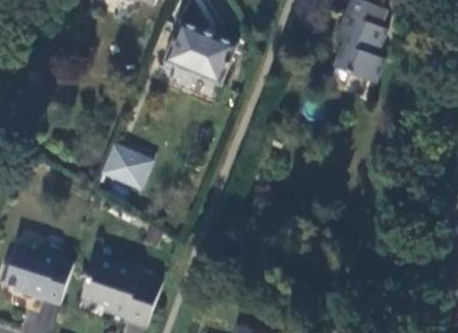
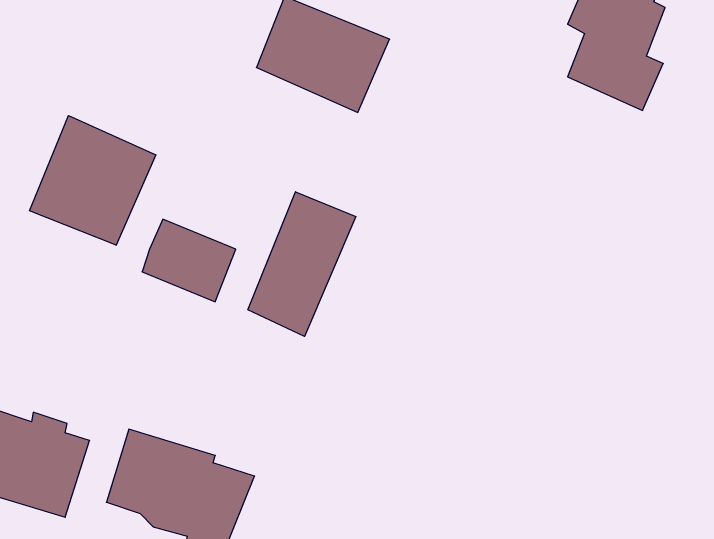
building: none -> [30,116,156,245]
building: none -> [248,192,356,336]

